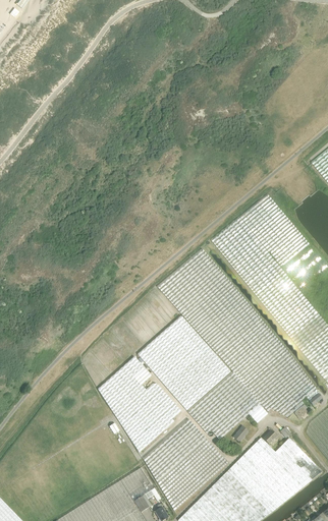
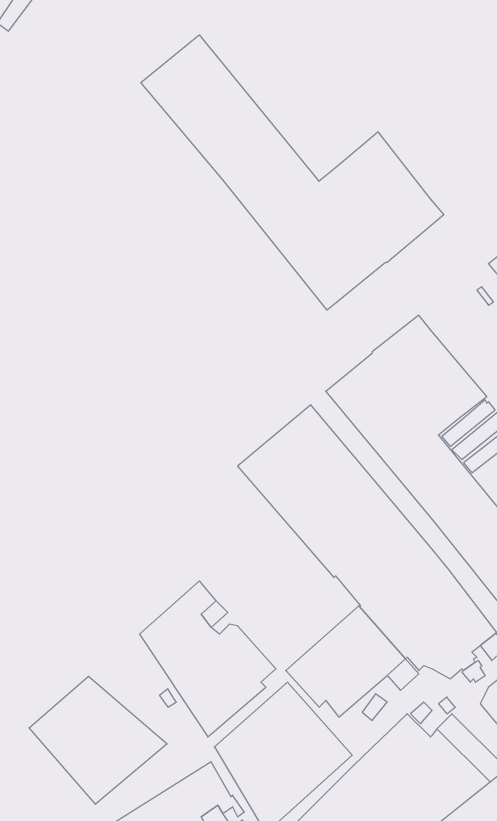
building: none -> [141,35,444,310]
building: [138,316,231,411] -> none
building: none -> [29,676,167,804]

